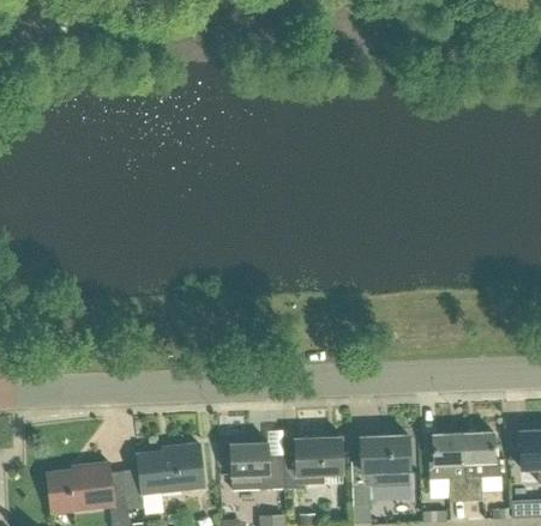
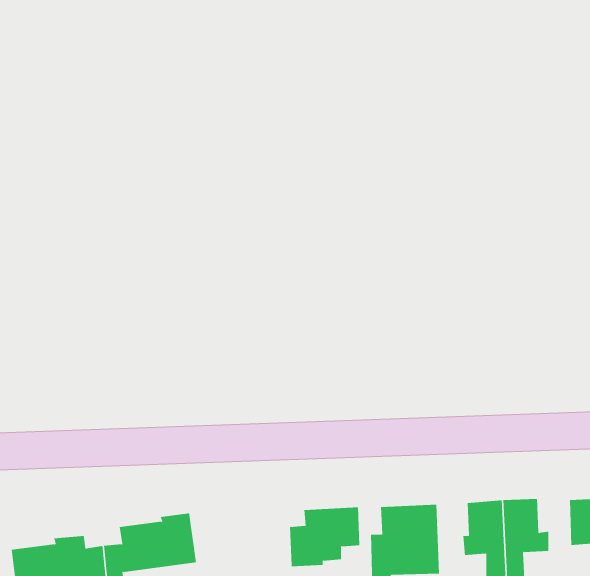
building: [230,441,283,490] -> none

